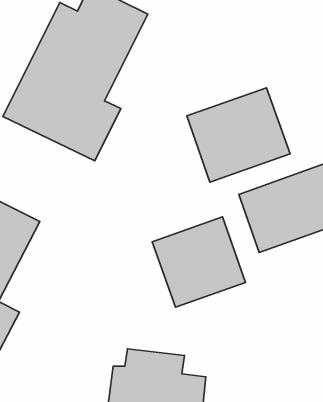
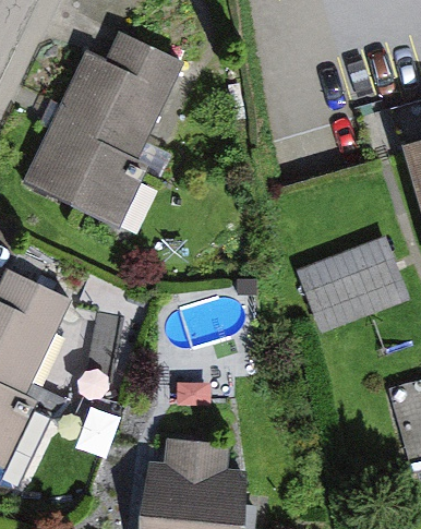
building: [187,88,290,182] -> none
building: [152,217,246,307] -> none

